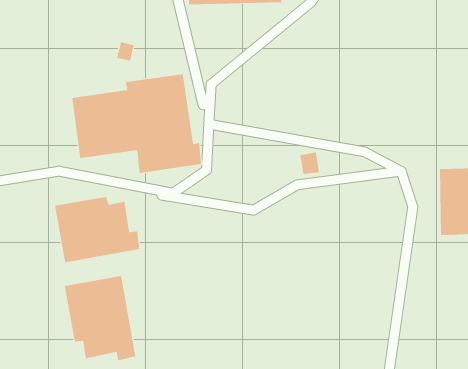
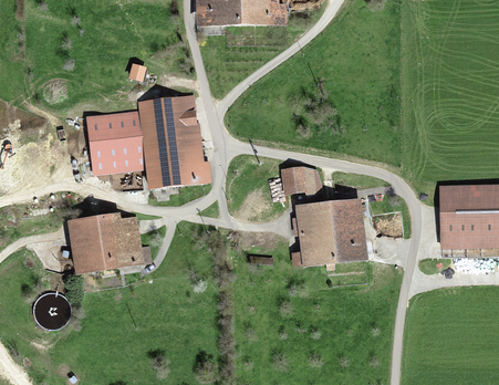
building: none -> [281,165,308,194]
building: none -> [292,199,367,267]
building: [64,275,136,361] -> none

